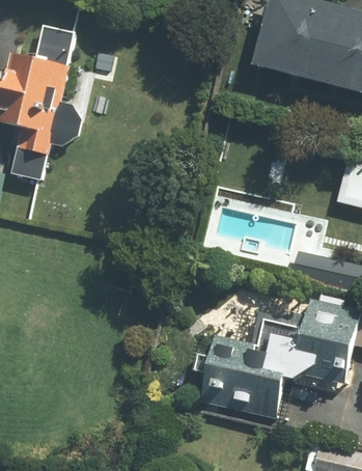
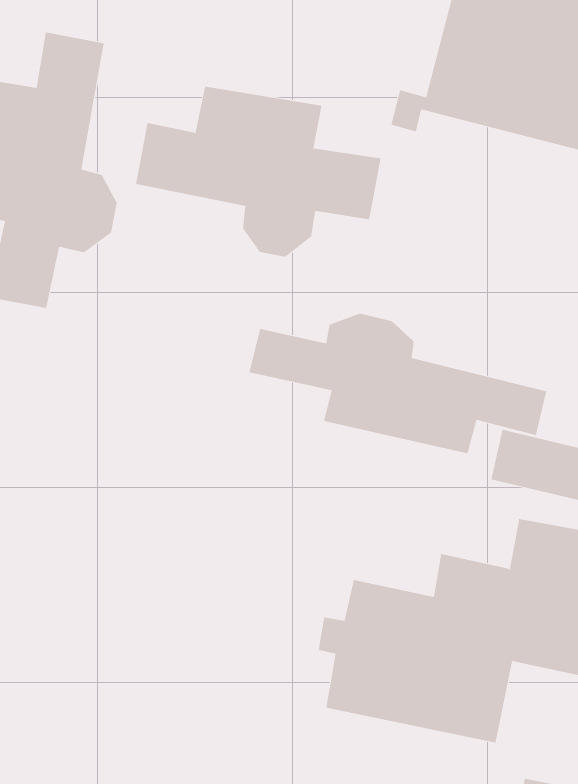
building: none -> [136,86,381,258]
building: none -> [249,313,547,454]

